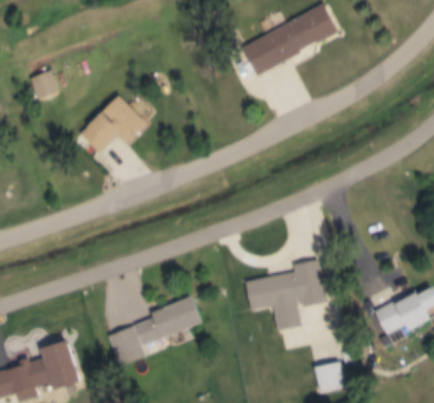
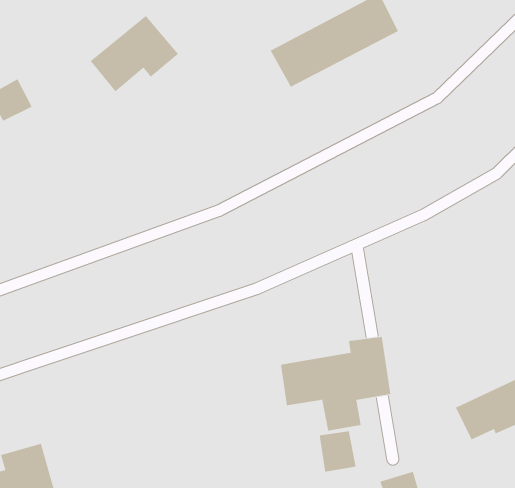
building: [78,96,144,153] -> [90,15,179,92]
building: [113,296,204,363] -> none
building: none -> [319,430,356,472]

